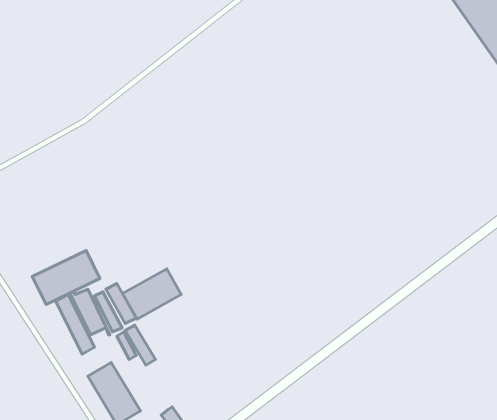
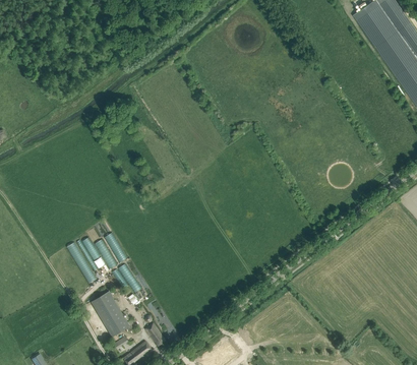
building: [32,251,100,305] -> none
building: [122,269,181,319] -> none

